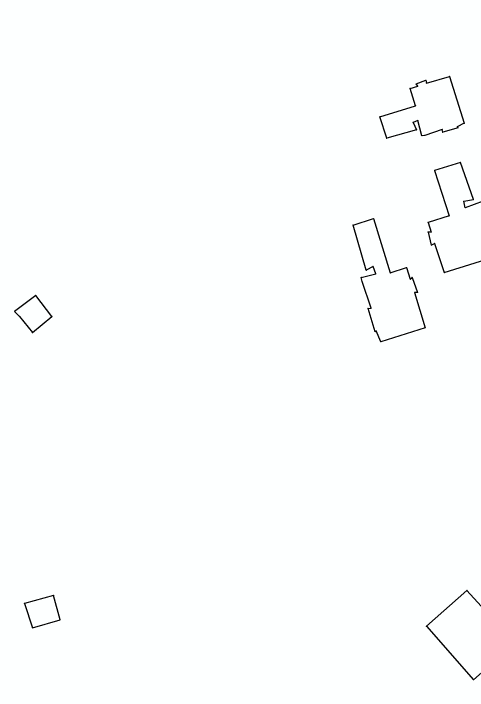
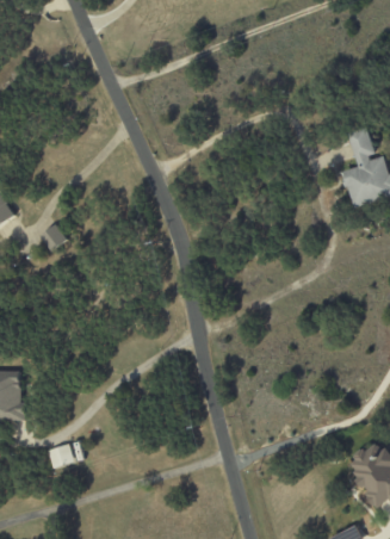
building: [380,76,464,138] -> none
building: [353,219,425,342] -> none

